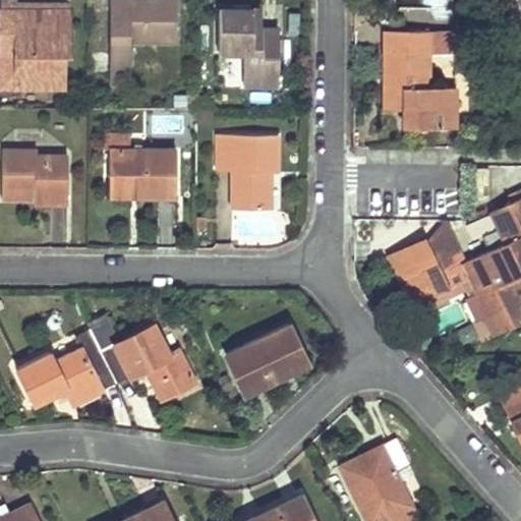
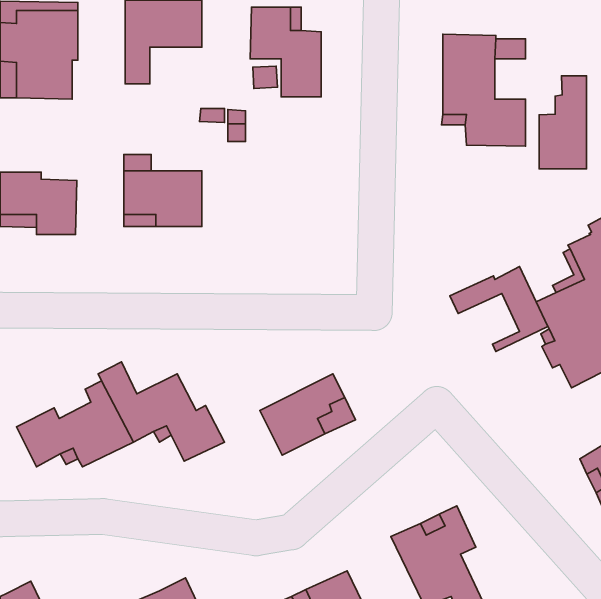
building: none -> [539,76,587,169]
building: [219,135,278,211] -> none
building: [397,256,450,306] -> none

